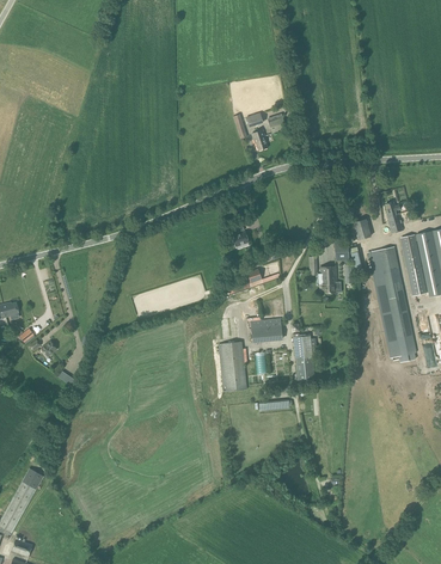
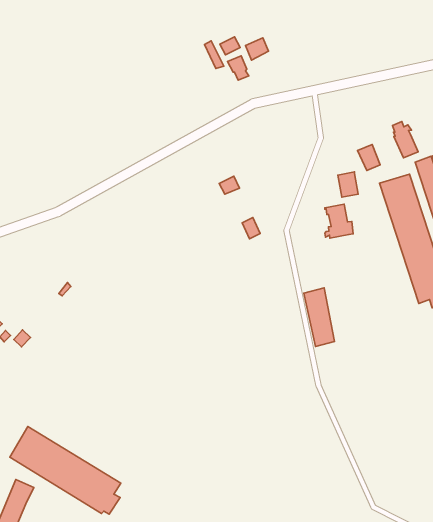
building: [251,318,282,341] -> none
building: [218,341,246,391] -> none
building: none -> [10,426,121,514]

